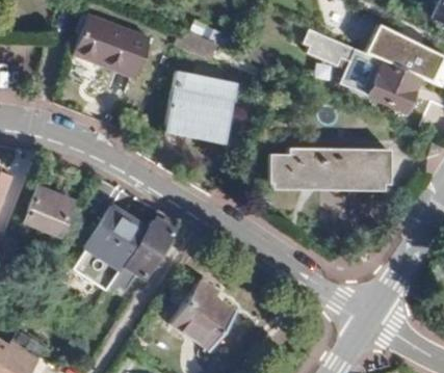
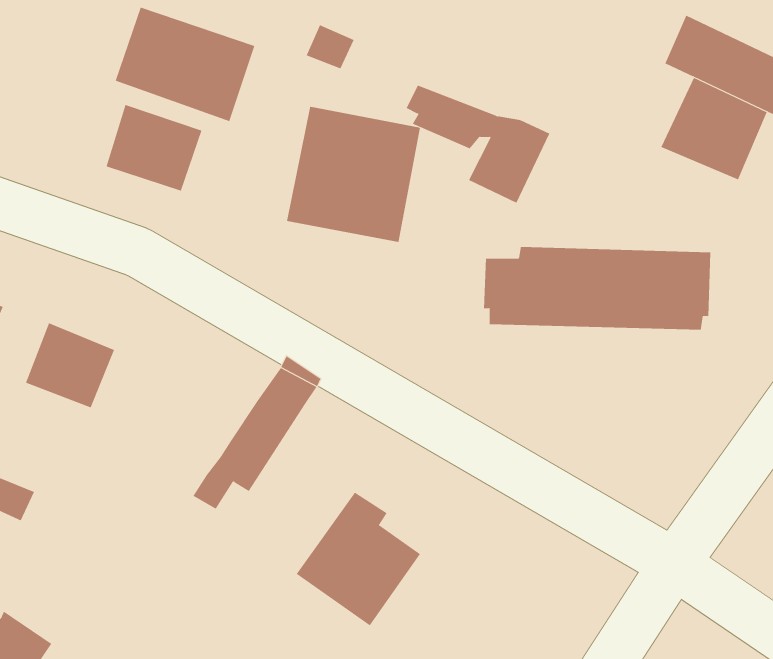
building: [305,30,382,94] -> [406,85,550,204]
building: none -> [106,104,202,191]
building: [77,209,149,288] -> none

